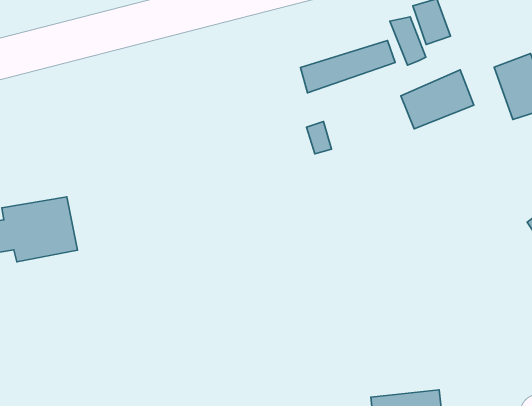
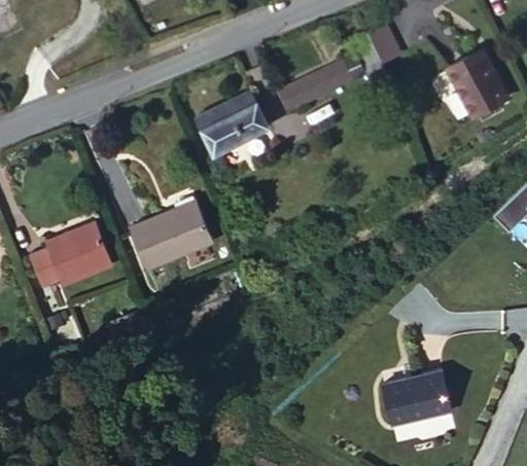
building: none -> [200,93,270,154]
building: [401,70,474,129] -> none
building: none -> [124,214,205,271]

